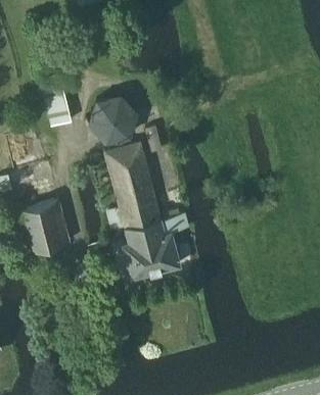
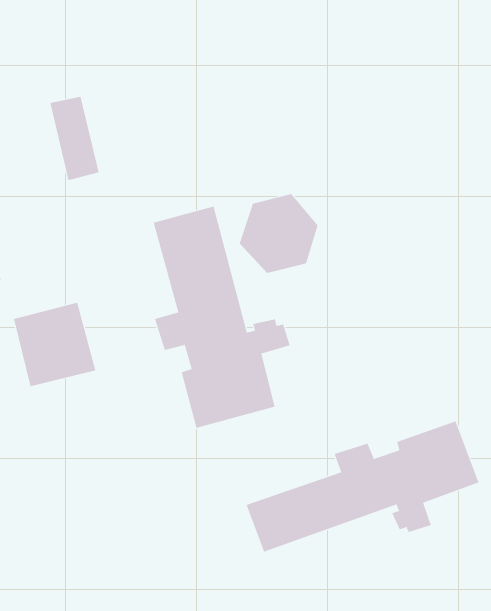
building: [87,95,136,144] -> [239,194,318,273]
building: none -> [246,421,479,552]

